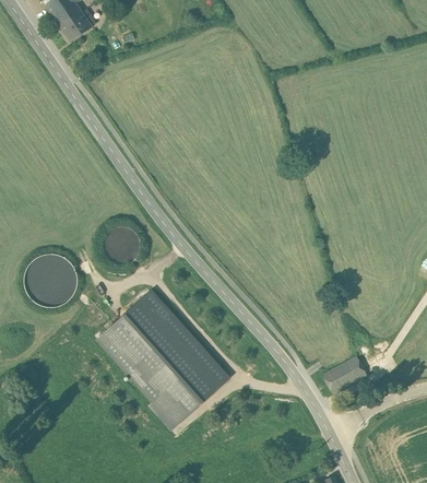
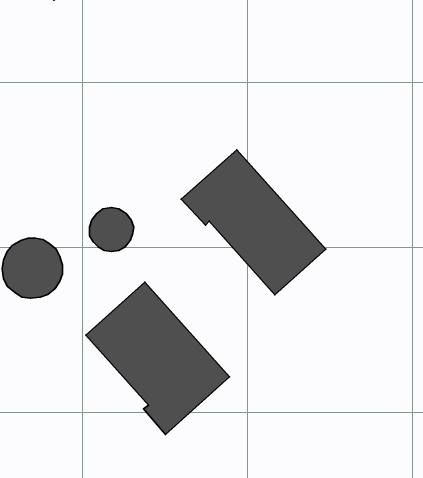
building: none -> [181,150,326,295]
building: [322,355,367,392] -> none

